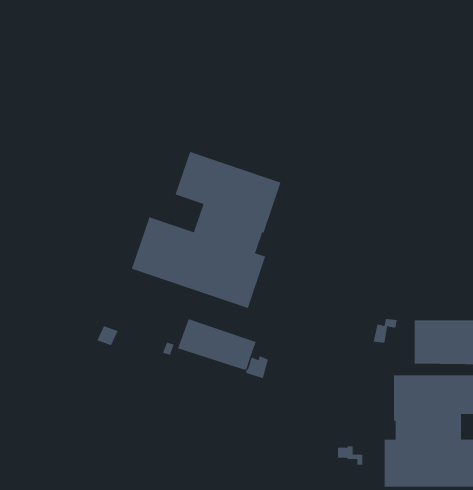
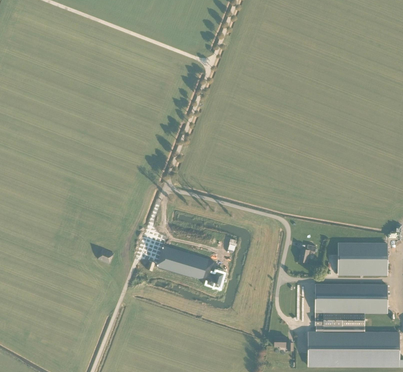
building: [131,151,281,309] -> none

